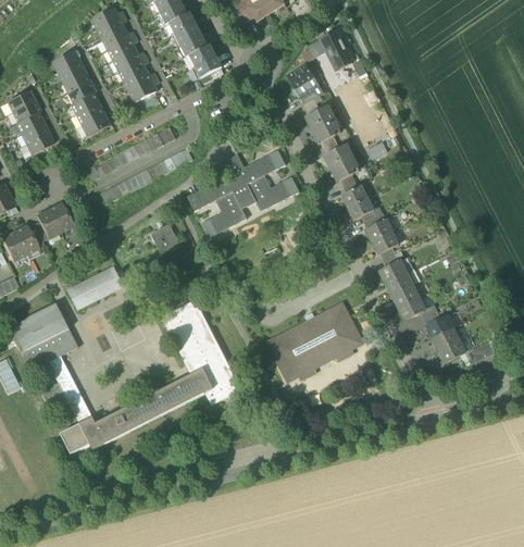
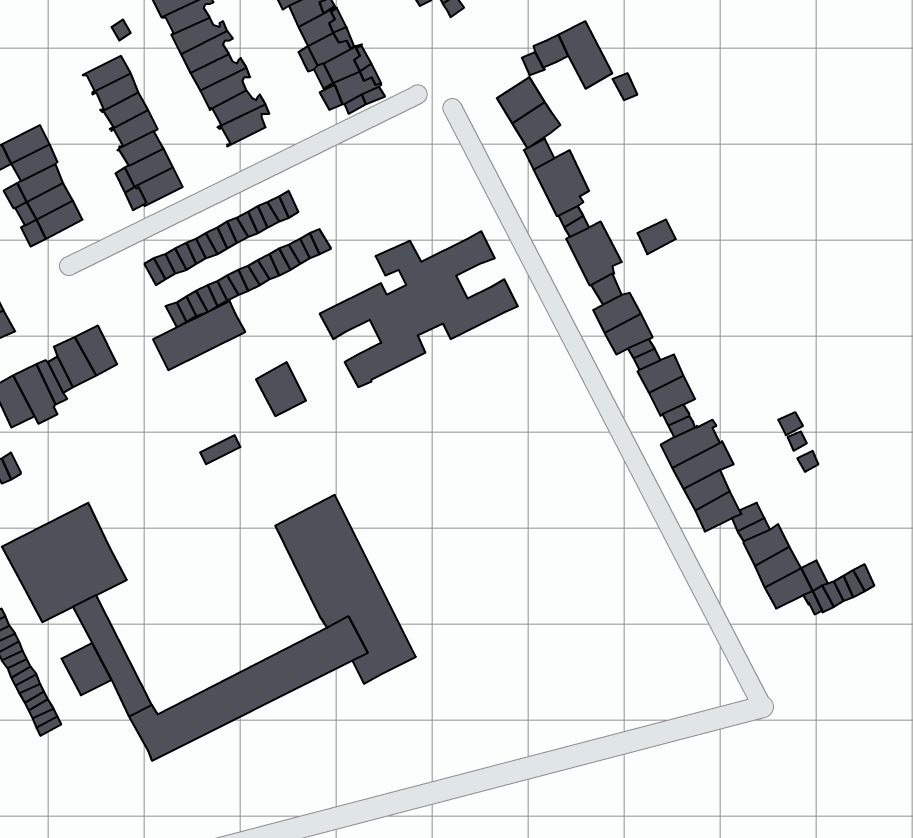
building: [70,268,122,307] -> [153,301,245,370]
building: [267,302,363,381] -> none
building: [61,423,90,452] -> none

